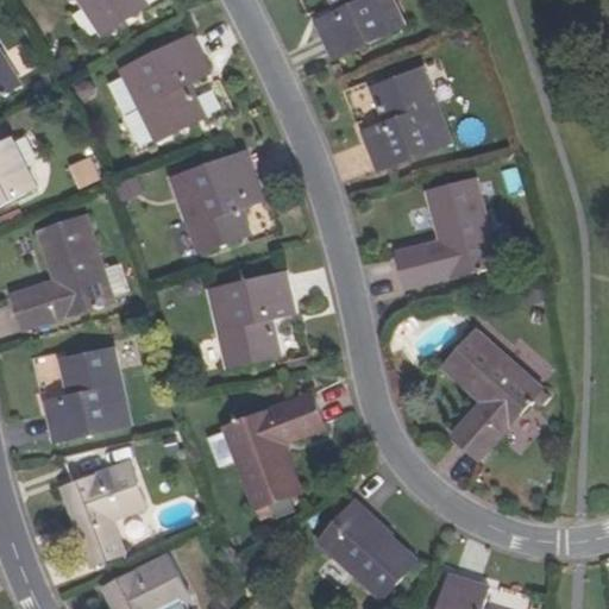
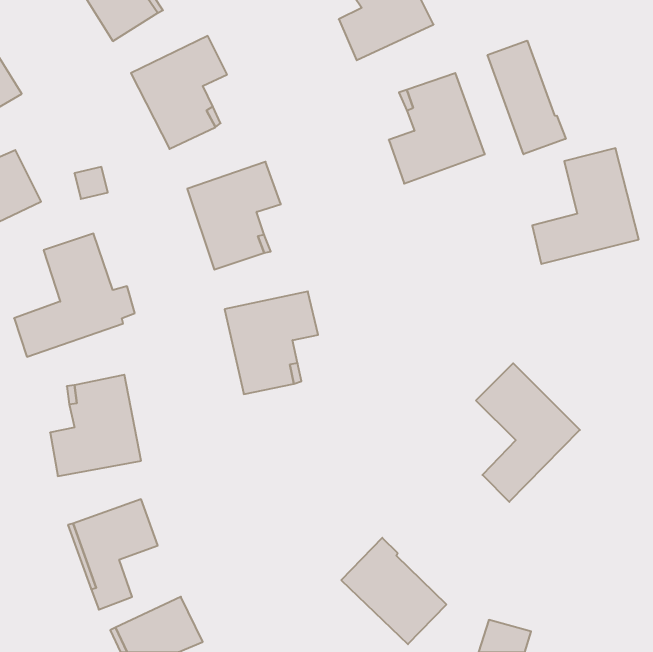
building: none -> [488,41,566,154]
building: [395,180,494,287] -> [532,148,639,264]
building: [222,395,322,508] -> none

